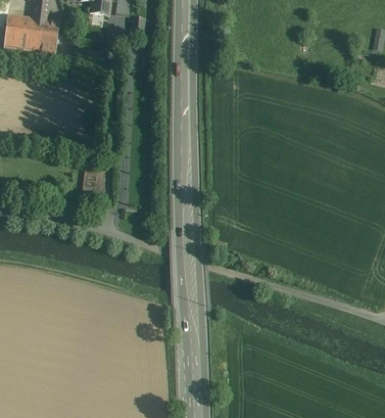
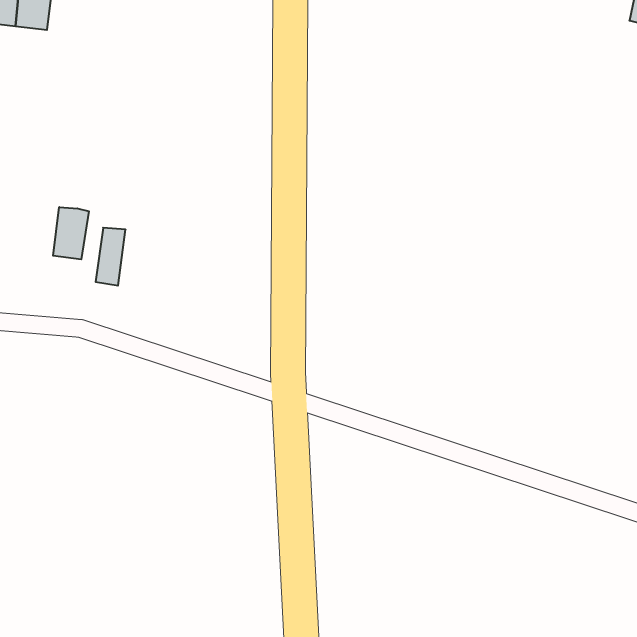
building: none -> [53,207,89,259]

